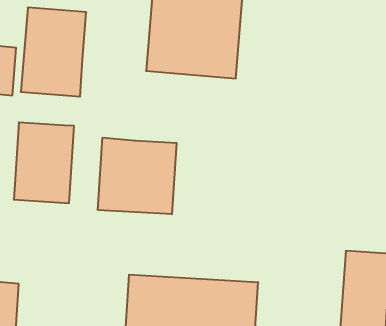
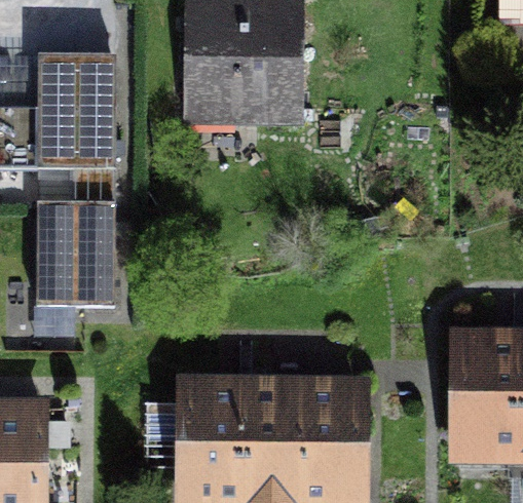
building: [98,138,177,214] -> none

